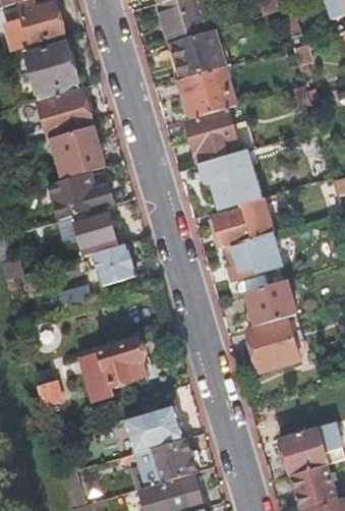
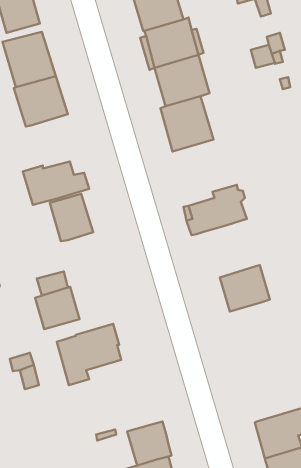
building: [53,126,104,177] -> none
building: [196,149,263,211] -> none
building: [227,232,282,294] -> none
building: [91,242,135,285] -> [35,287,79,329]
building: [247,317,298,371] -> none
building: [129,403,192,446] -> none

